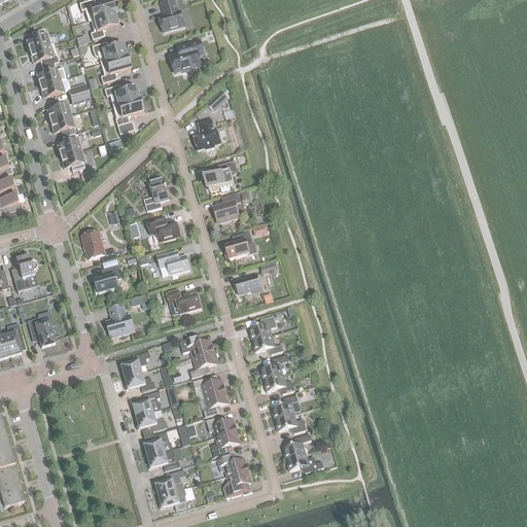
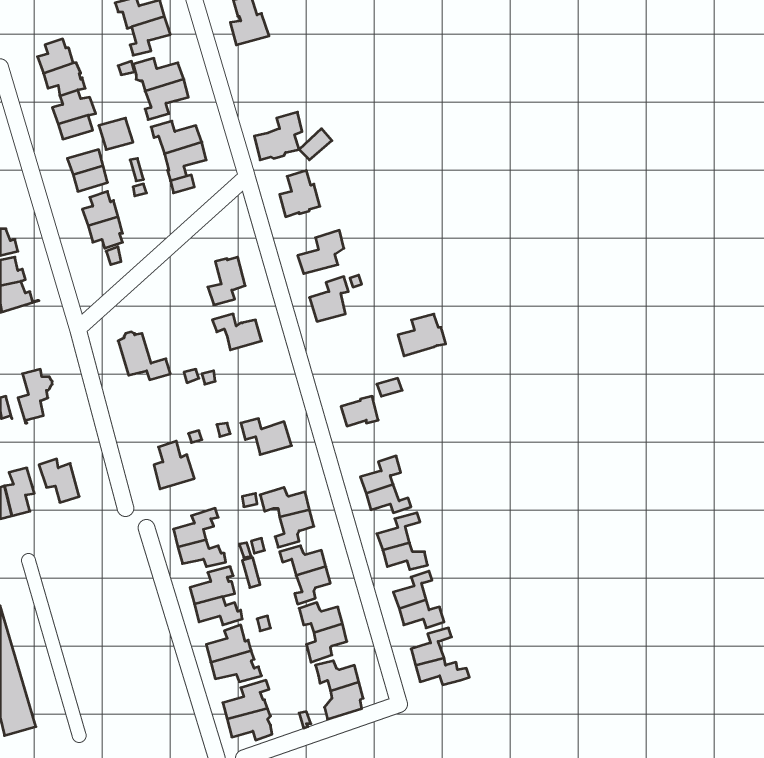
building: [170,38,203,71] -> [254,112,302,160]
building: [224,230,257,258] -> [398,314,446,356]
building: [156,251,189,274] -> none
building: [94,264,122,292] -> none

